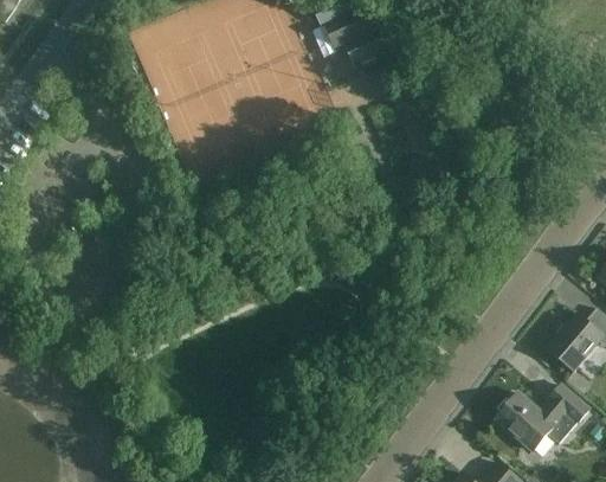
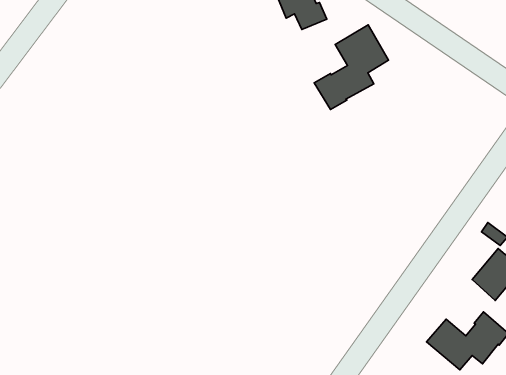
building: none -> [314,25,389,110]

